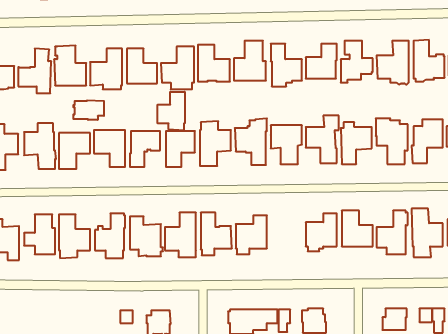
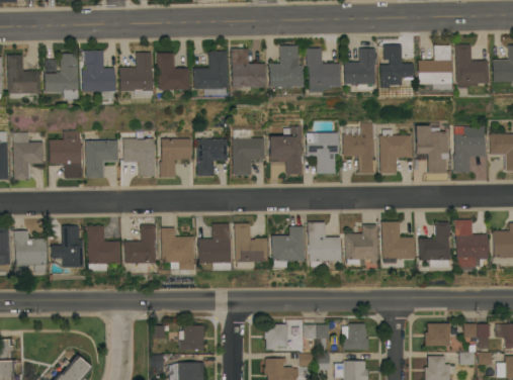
building: [158,92,185,130] -> none
building: [73,100,104,120] -> none
building: none -> [308,221,340,267]

